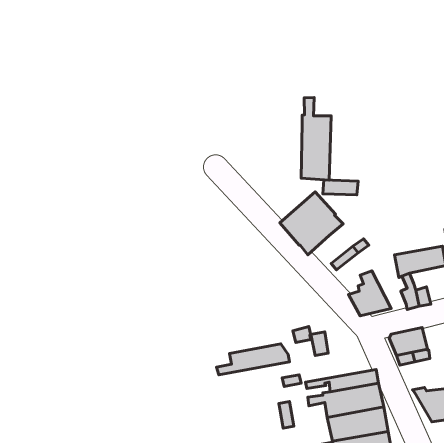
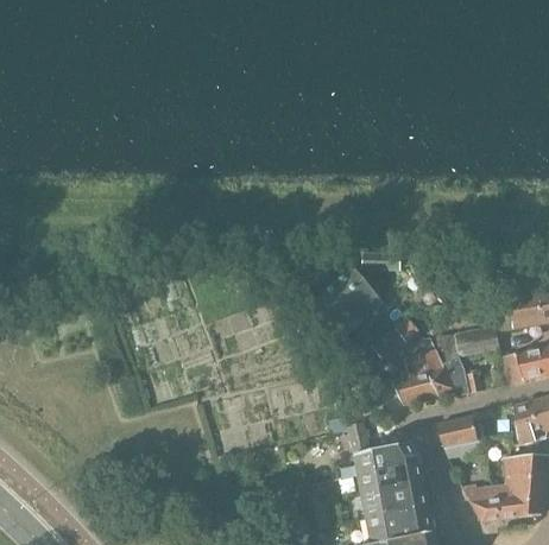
building: [301,98,331,180] -> none
building: none -> [416,349,455,395]
building: [217,344,289,375] -> [340,443,421,477]

